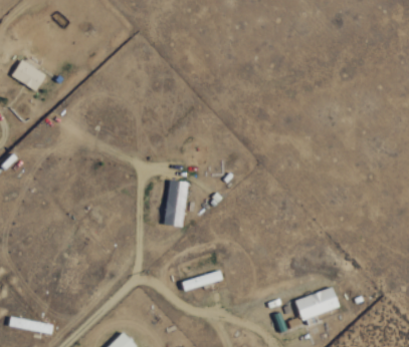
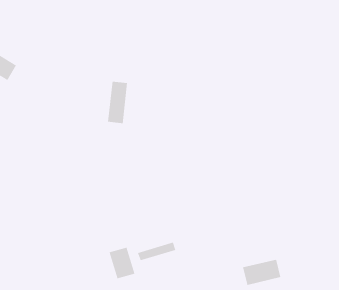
building: [165,180,188,227] -> [107,81,128,124]
building: none -> [109,247,135,279]

